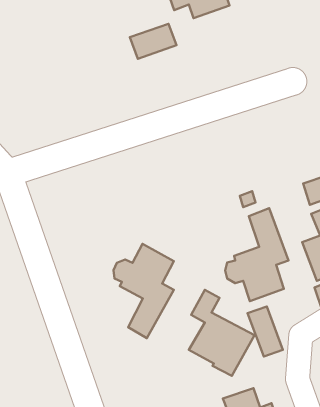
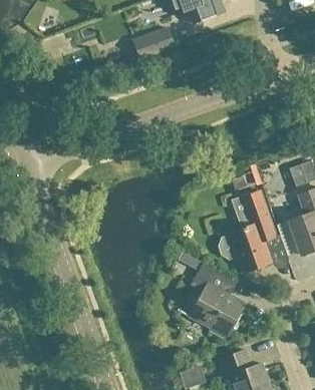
building: [113,244,174,338] -> none
building: [248,306,283,356] -> none

